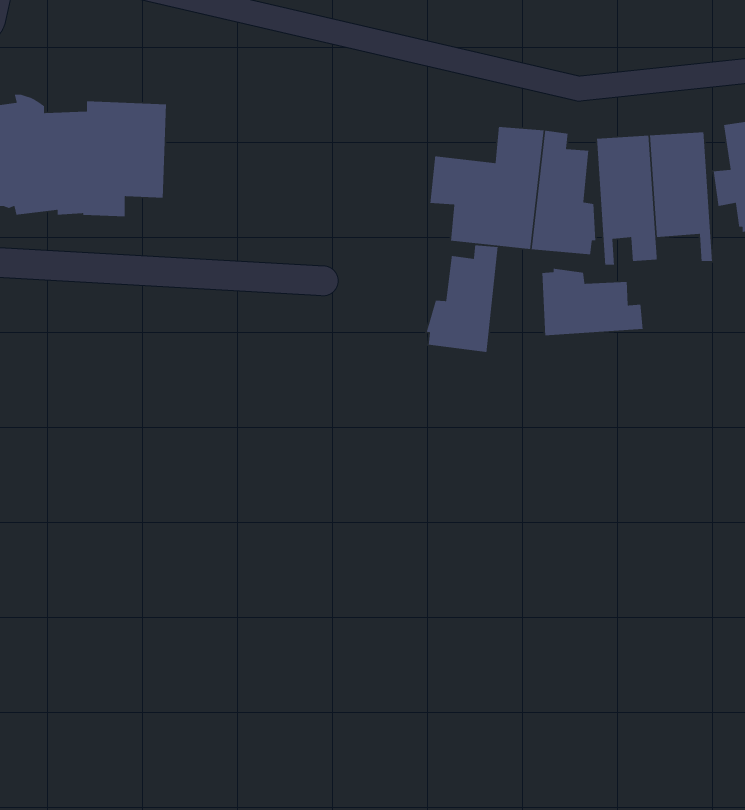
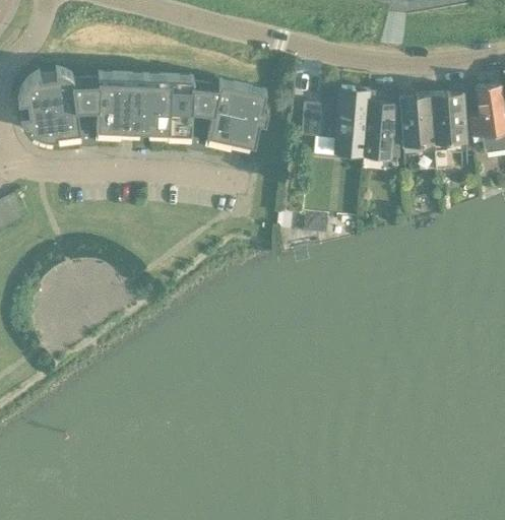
building: none -> [144,73,269,150]
building: [426,245,498,353] -> none
building: [542,268,643,336] -> none

